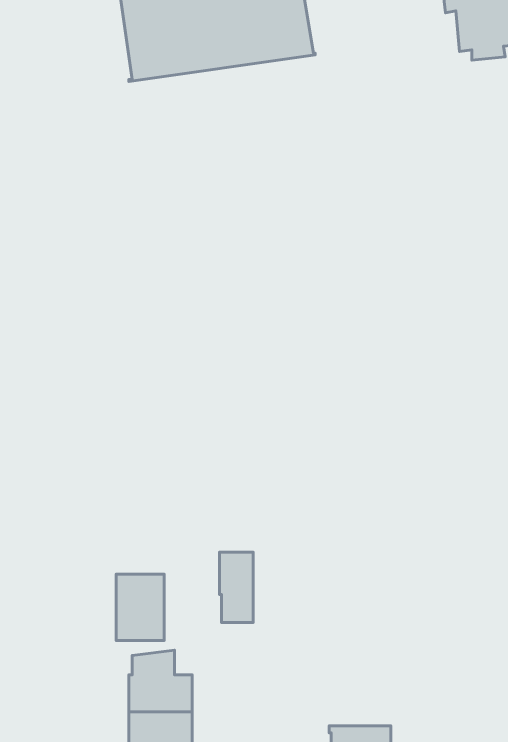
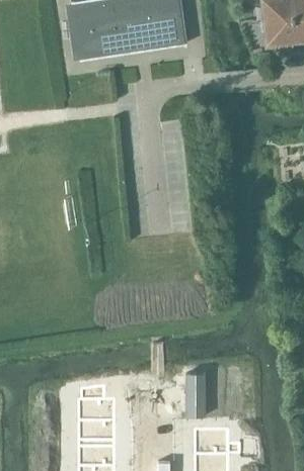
building: [220,552,253,623] -> [186,374,206,414]
building: [116,574,164,641] -> none

